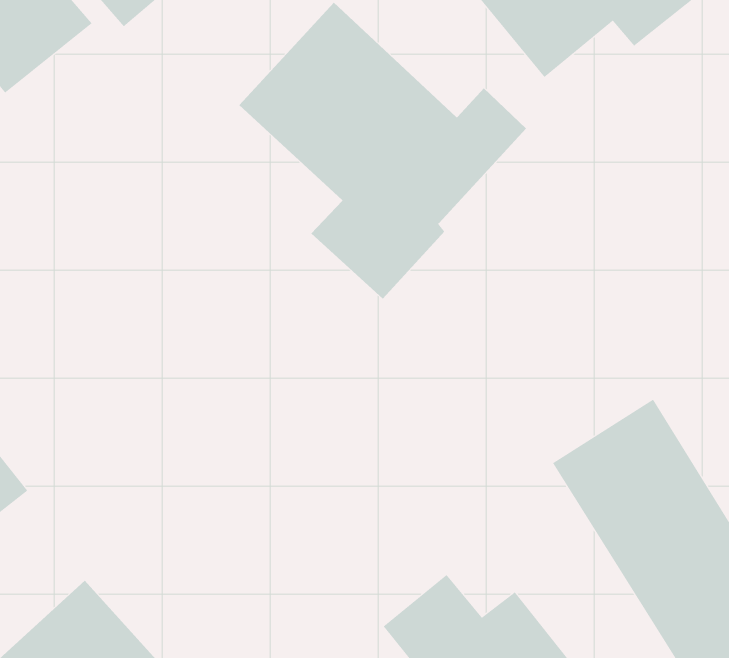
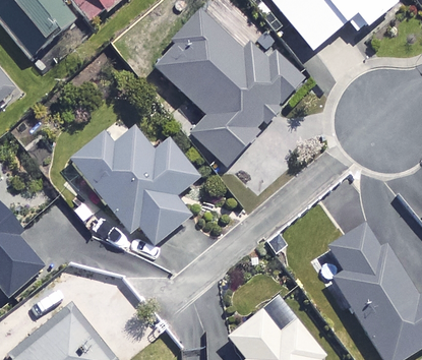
building: none -> [72,126,198,244]

